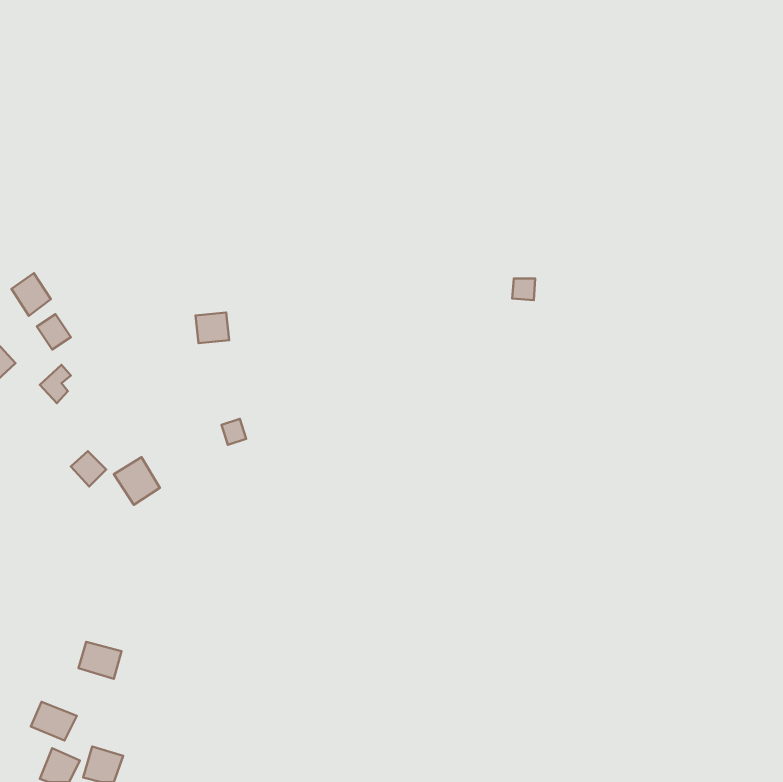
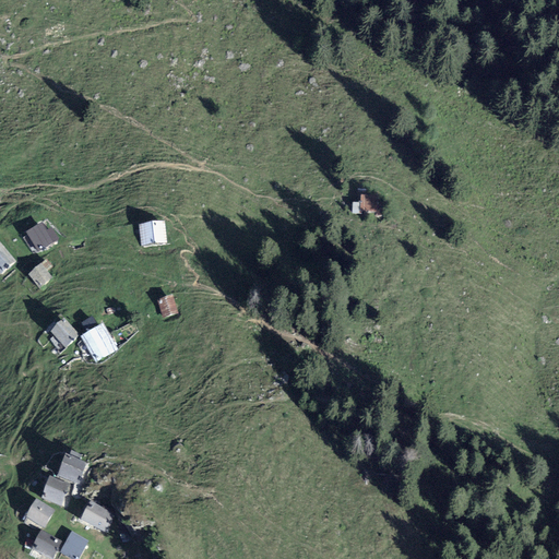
building: [11,273,51,316] -> none
building: none -> [40,476,72,503]
building: none -> [82,503,116,530]

